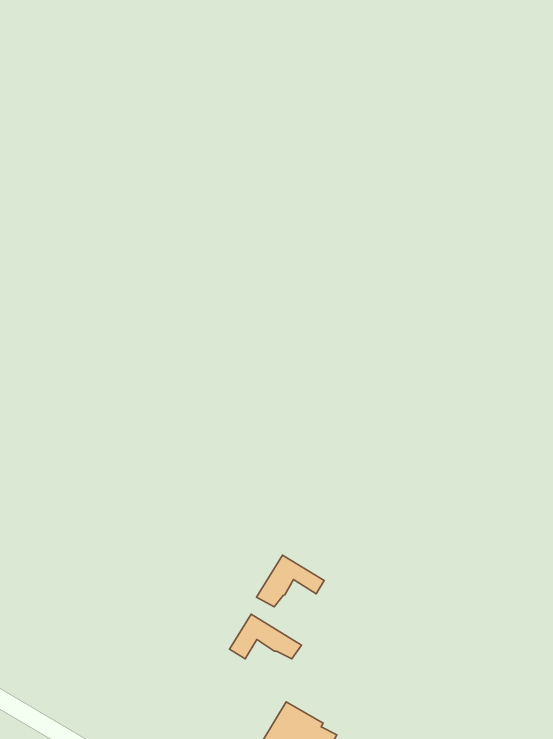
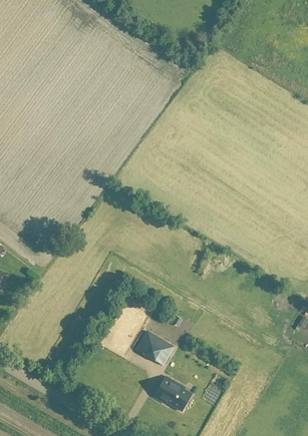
building: [257,555,324,607] -> none

